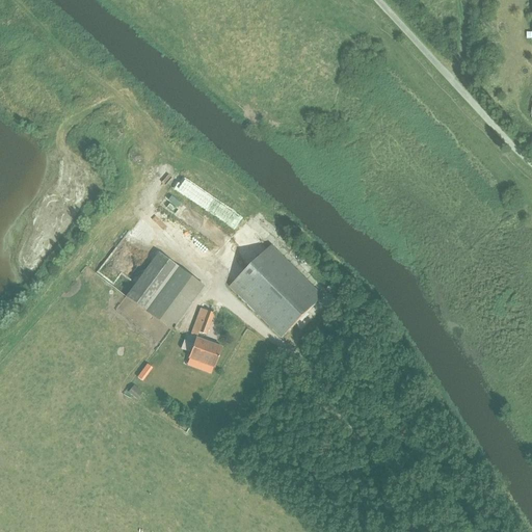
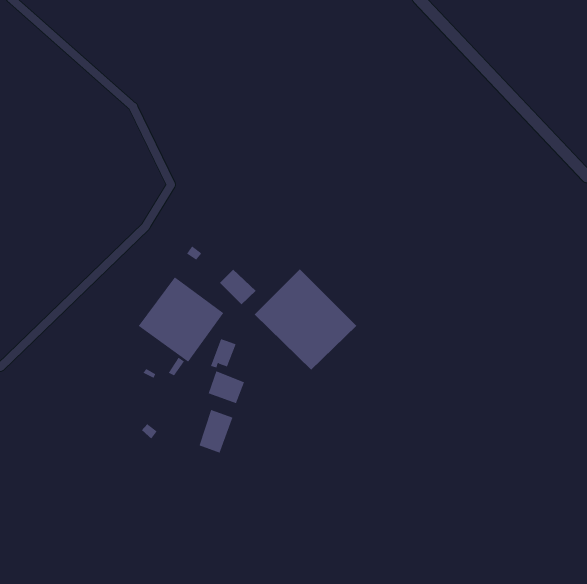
building: none -> [219,269,256,305]
building: none -> [199,409,233,453]

